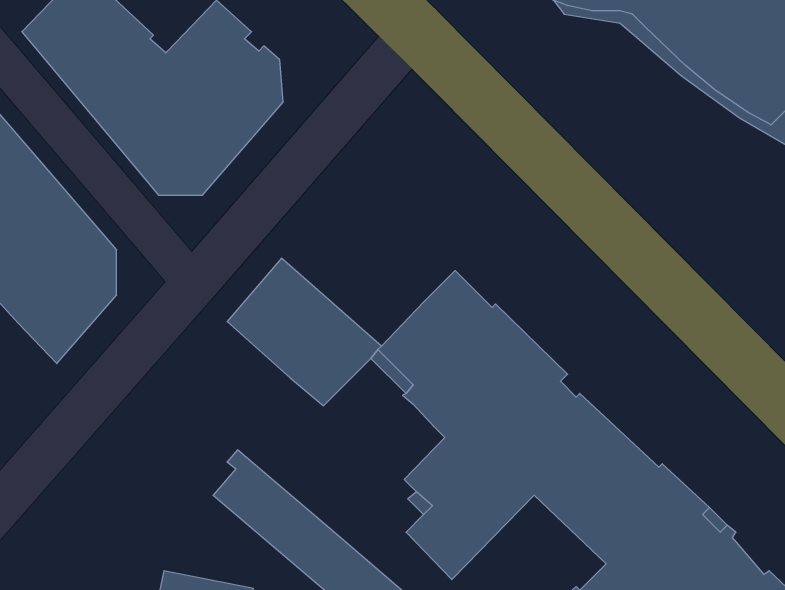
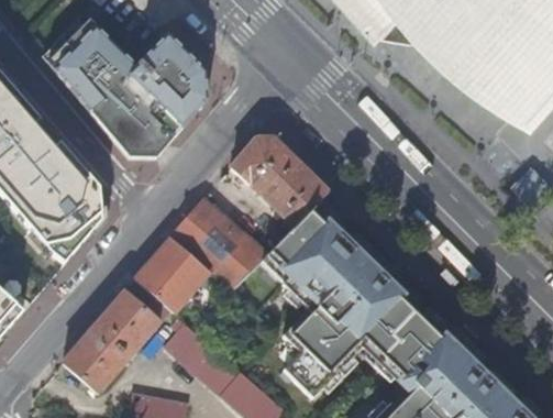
building: none -> [232,139,328,226]
building: none -> [135,238,211,314]
building: none -> [64,293,161,393]

